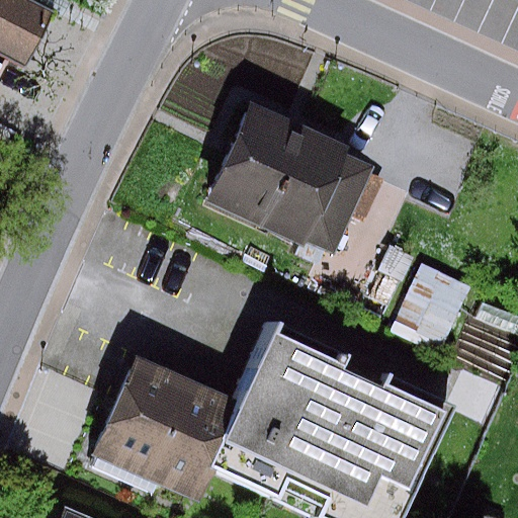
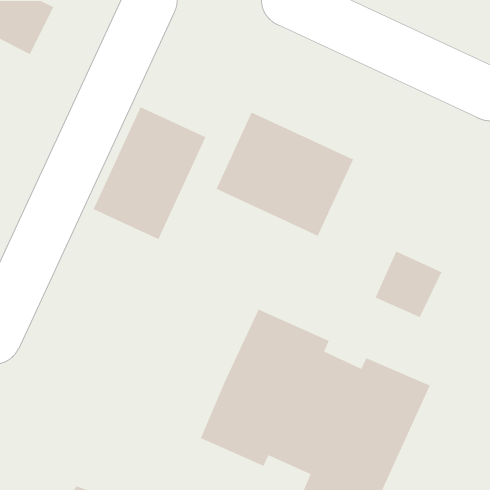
building: none -> [92,106,206,240]
building: [92,360,234,498] -> none

